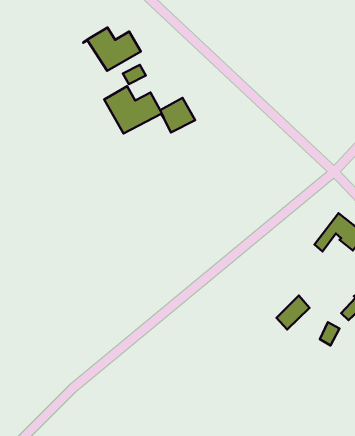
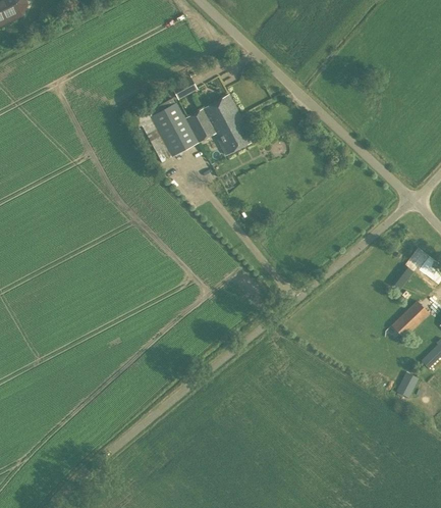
building: [83,27,141,71] -> none
building: none -> [202,95,238,130]
building: [277,295,310,329] -> [390,300,428,339]

